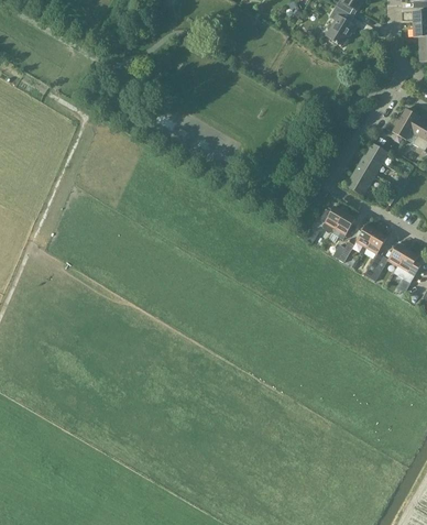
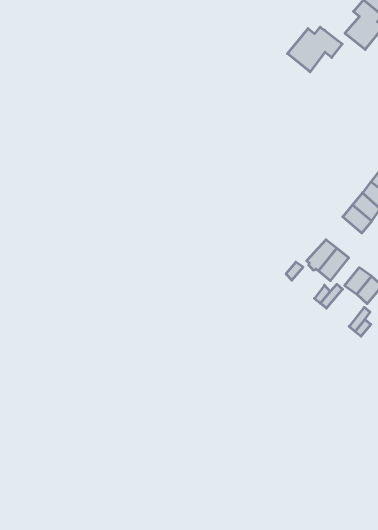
building: none -> [287,27,342,72]

